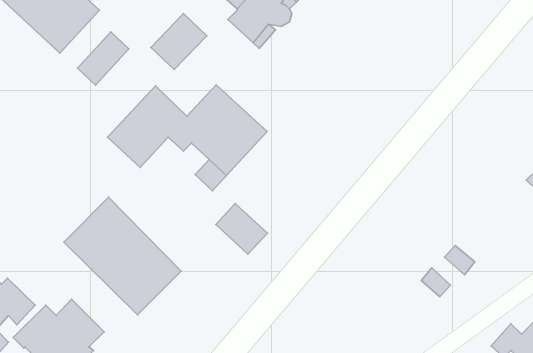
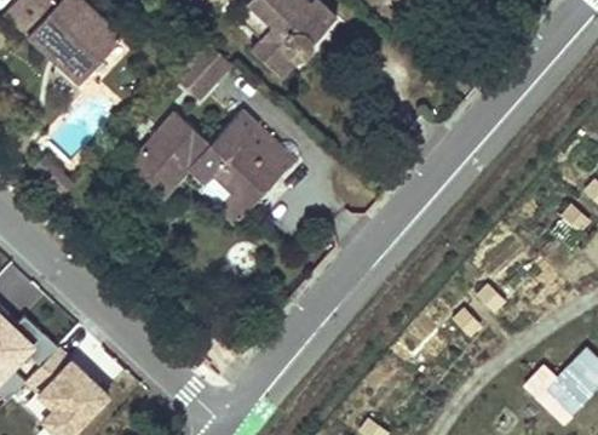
building: [78,32,129,85] -> none
building: [64,197,181,315] -> none
building: [216,204,267,254] -> none

